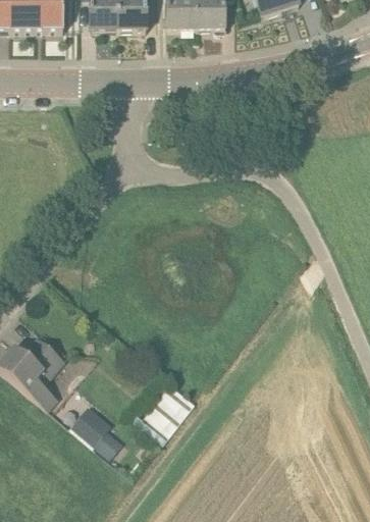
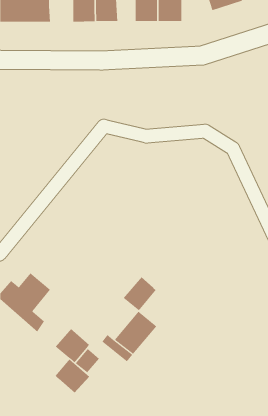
building: none -> [123,277,156,311]
building: none -> [55,359,90,394]

